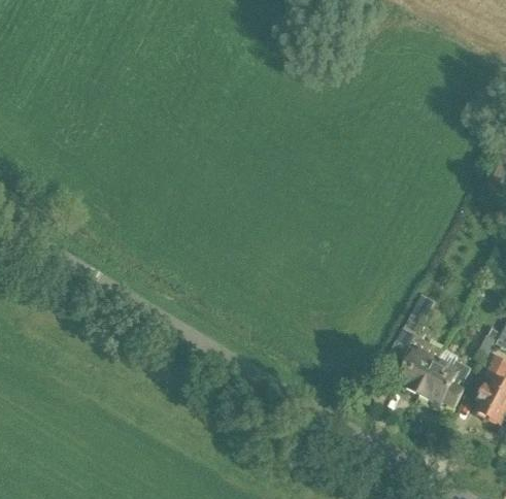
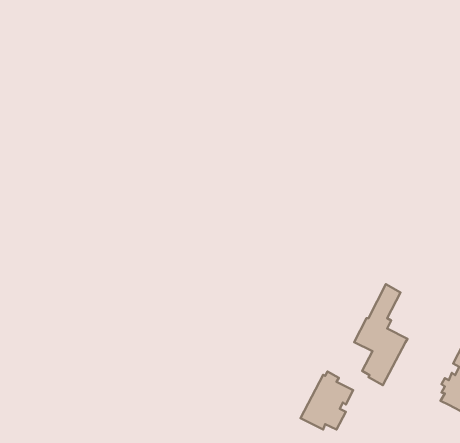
building: [417,350,470,407] -> [301,372,353,429]

